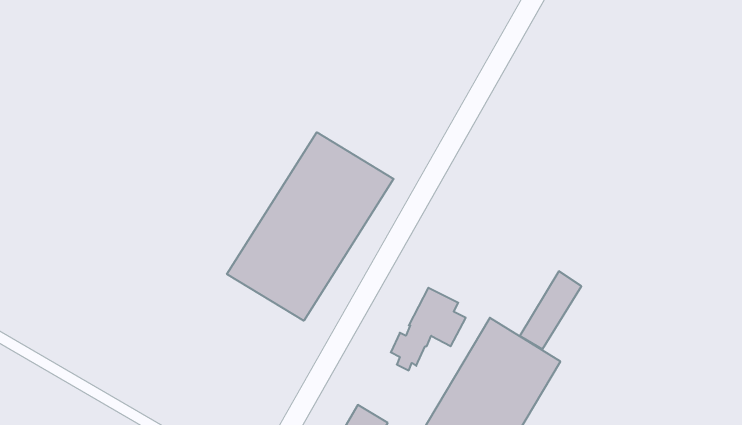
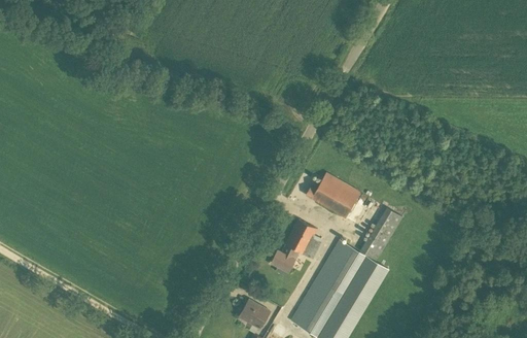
building: [227,132,394,321] -> none
building: none -> [304,172,359,218]

